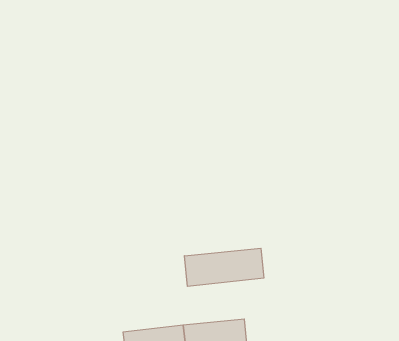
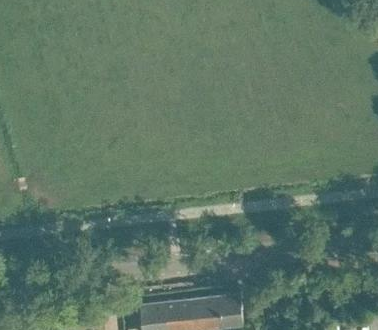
building: [184,248,264,286] -> none

